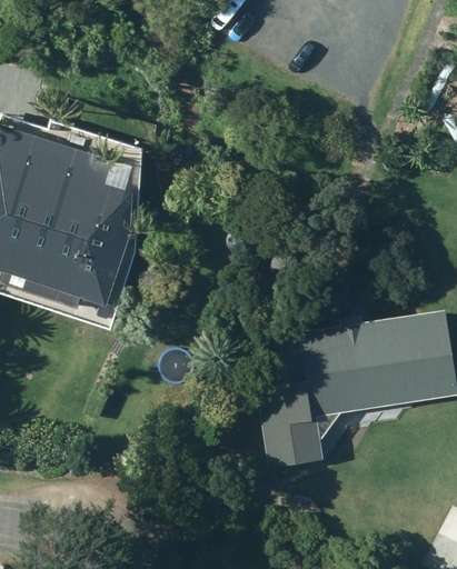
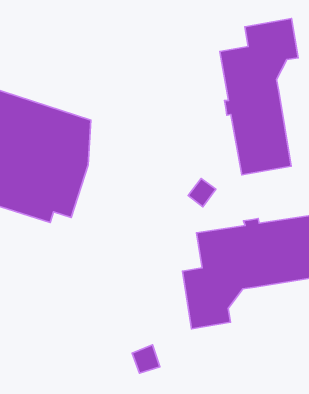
building: none -> [220,18,298,175]

